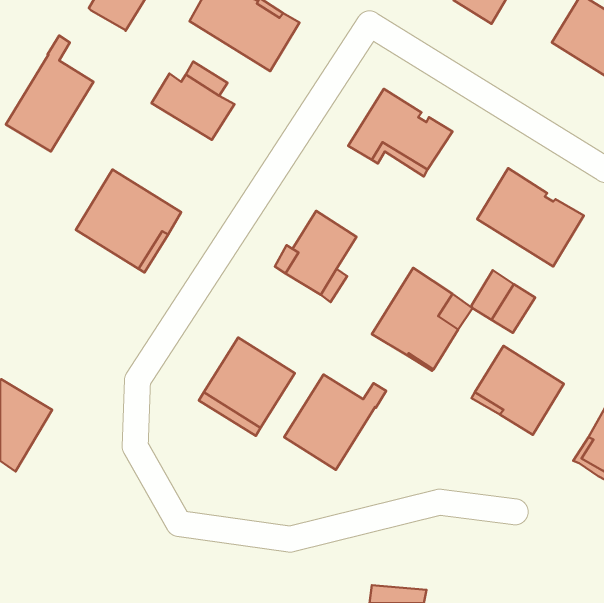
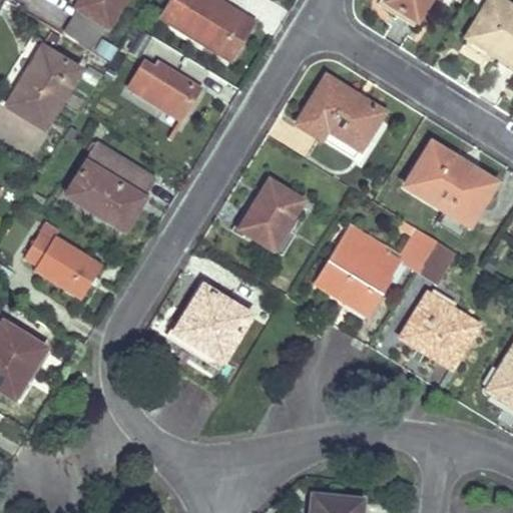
building: none -> [64,9,106,48]
building: none -> [23,221,102,300]
building: [284,374,386,470] -> none

